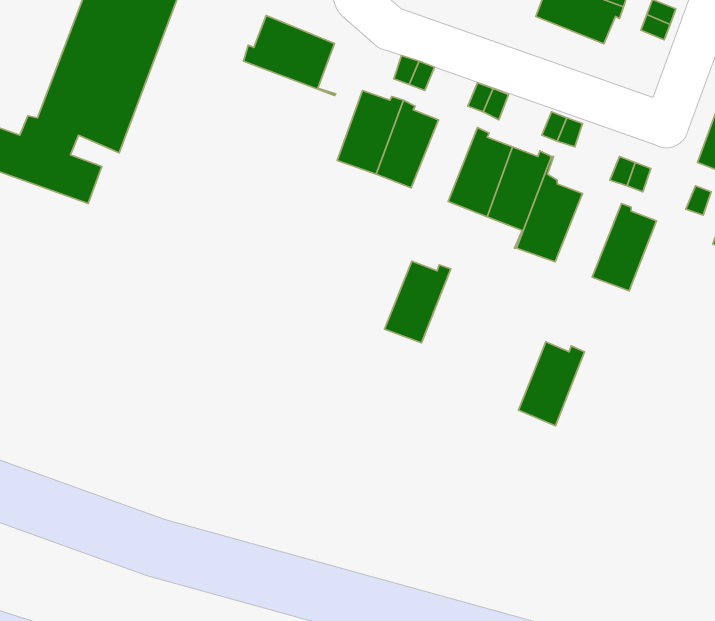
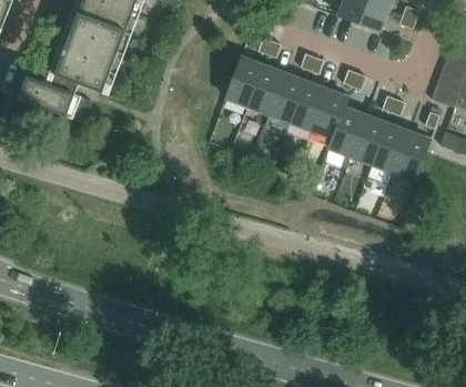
building: [244,15,336,96] -> none
building: none -> [393,131,430,179]
building: [385,261,451,343] -> [269,73,306,120]
building: [518,342,585,426] -> [351,115,388,163]

